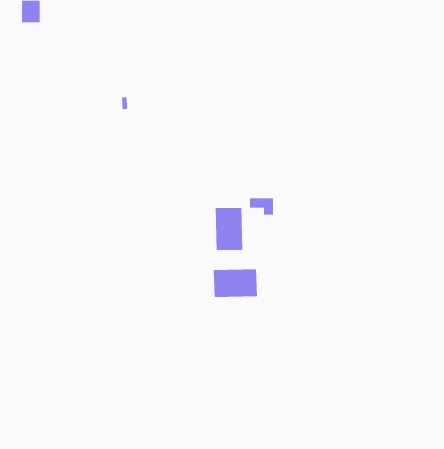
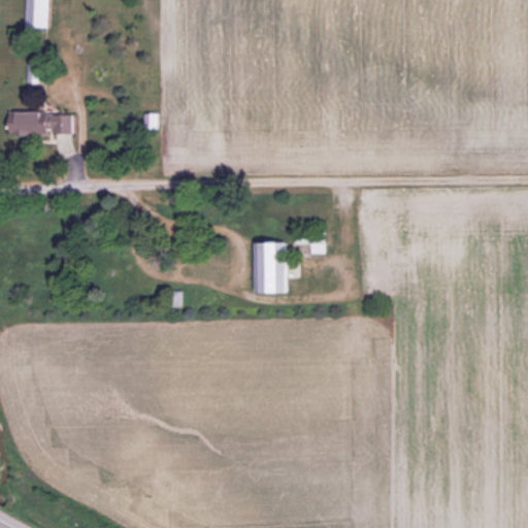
building: none -> [12,112,72,134]
building: [213,269,257,298] -> none

